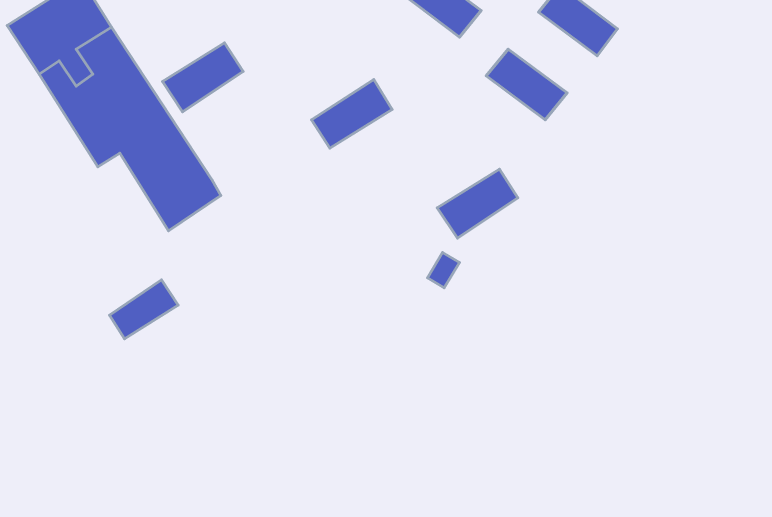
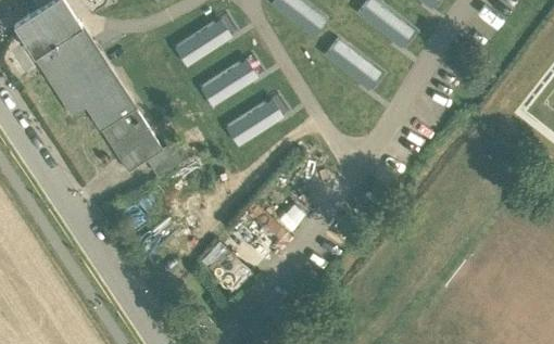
building: [162,43,243,112] -> [182,17,235,62]
building: [437,169,518,238] -> [235,95,287,140]
building: [109,280,178,339] -> [116,131,161,169]

